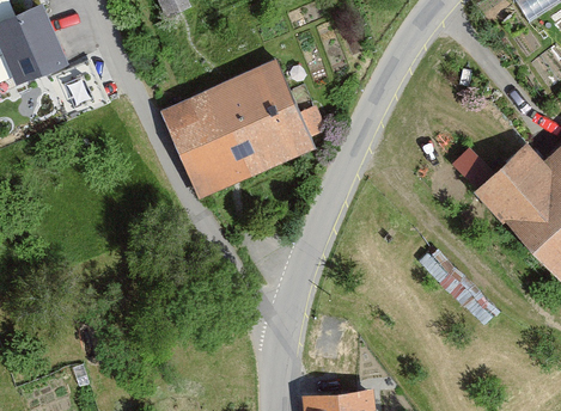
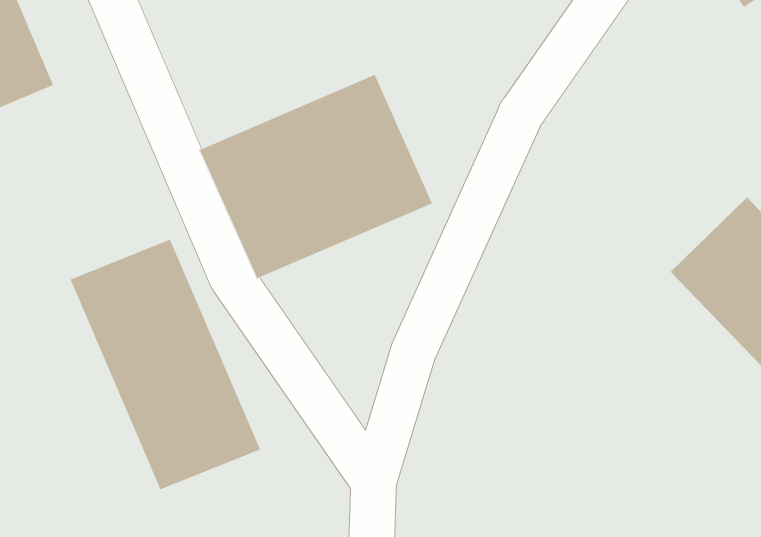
building: none -> [70,239,261,490]

